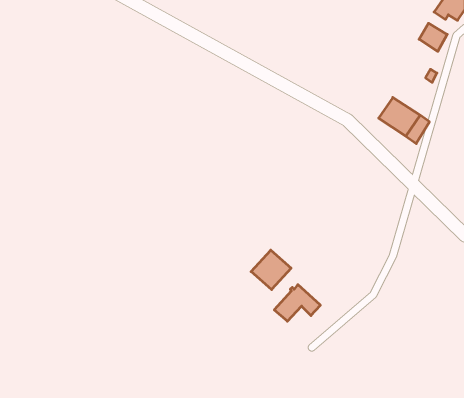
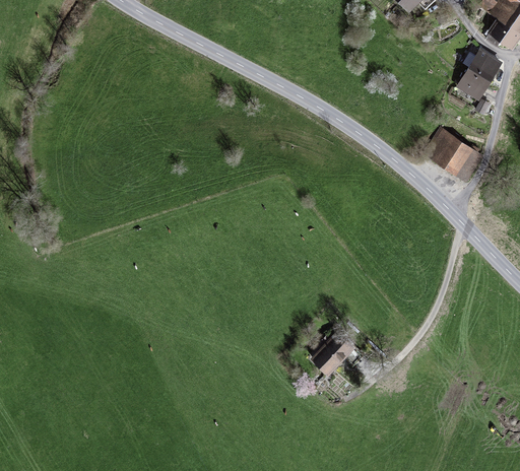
building: none -> [458,67,489,97]
building: [251,250,291,290] -> none

